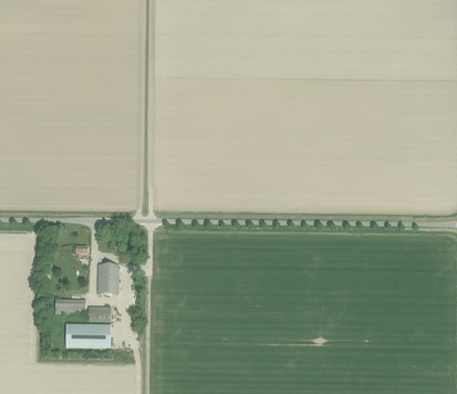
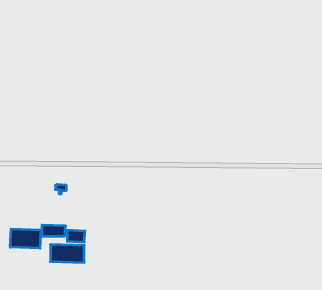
building: [98,265,118,293] -> none
building: none -> [10,229,41,248]

